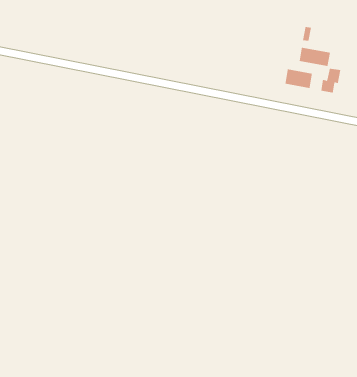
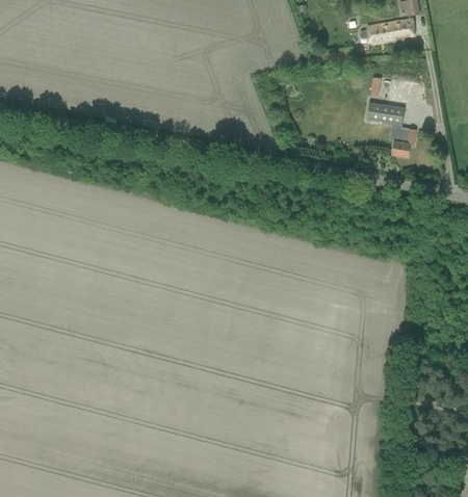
building: [285,68,313,89] -> none

